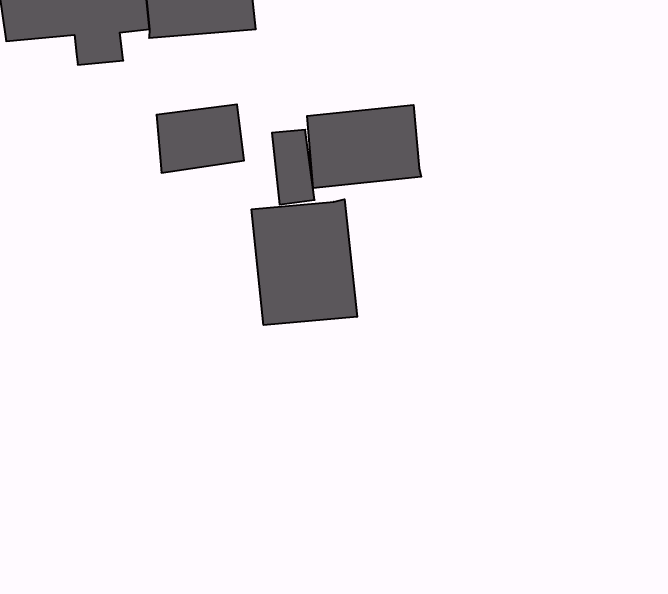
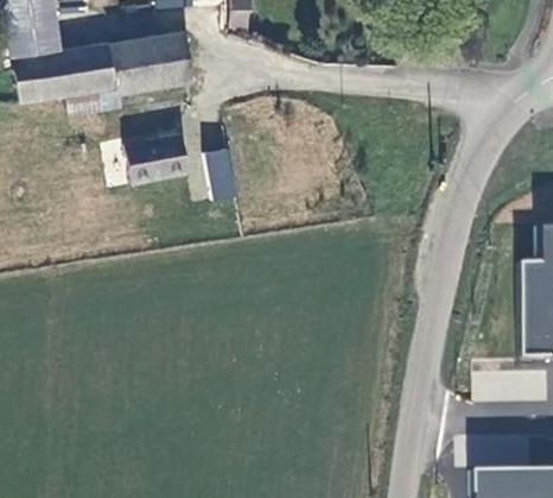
building: [307,105,421,188] -> none
building: [252,199,357,325] -> none

